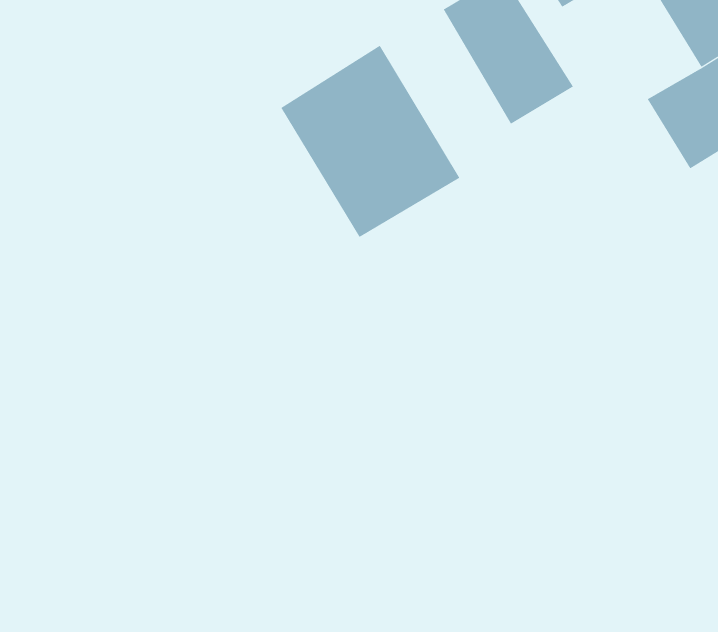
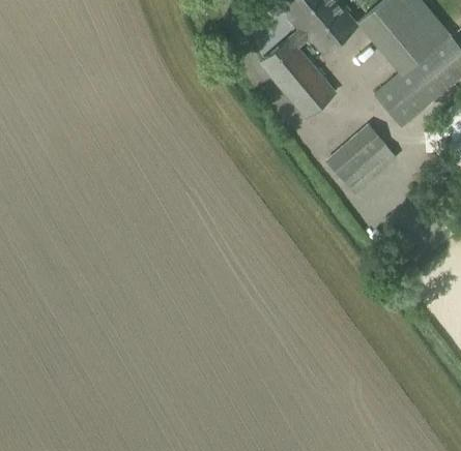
building: [281,45,460,238] -> none
building: none -> [328,125,395,190]

